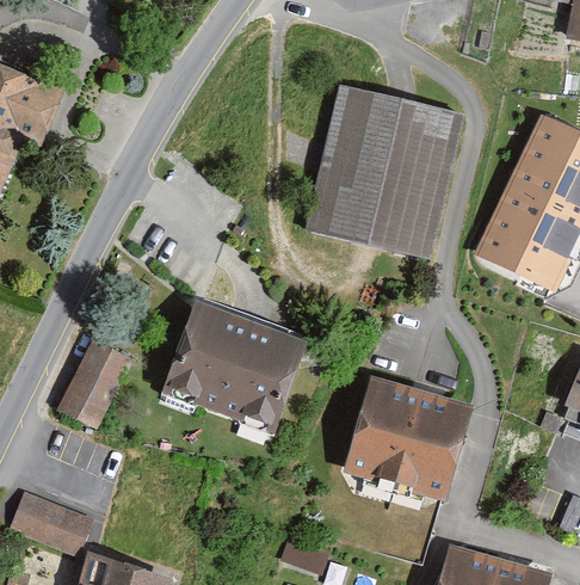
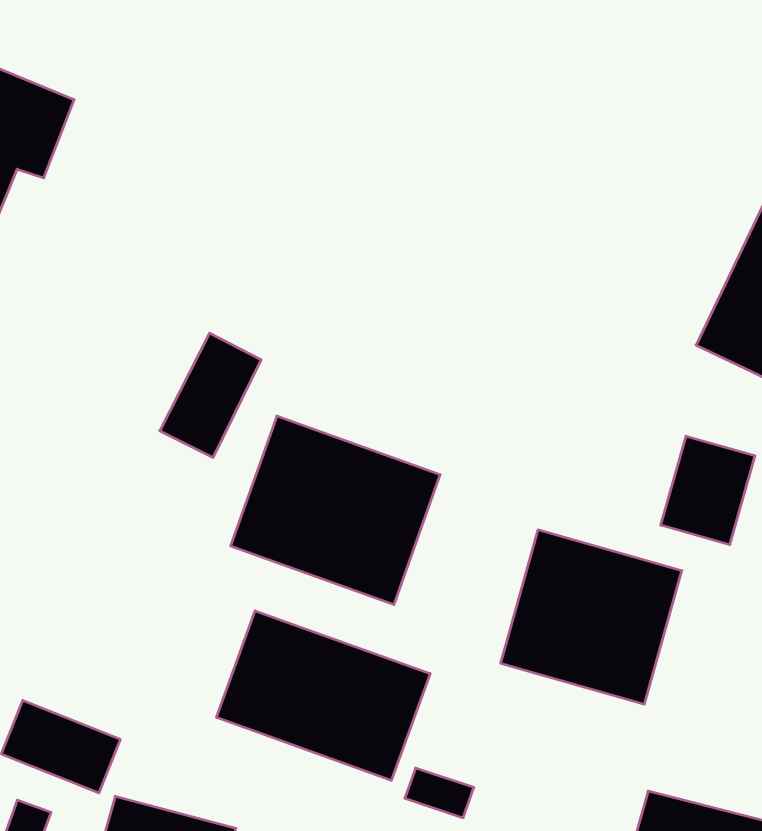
building: [310,88,461,253] -> none
building: none -> [661,436,755,545]
building: [58,340,127,424] -> [160,333,261,457]
building: none -> [217,611,430,780]

